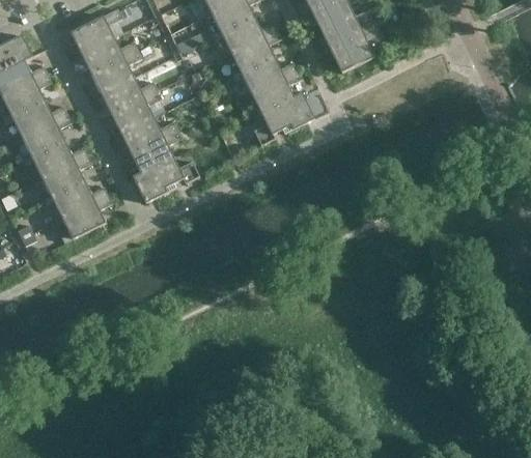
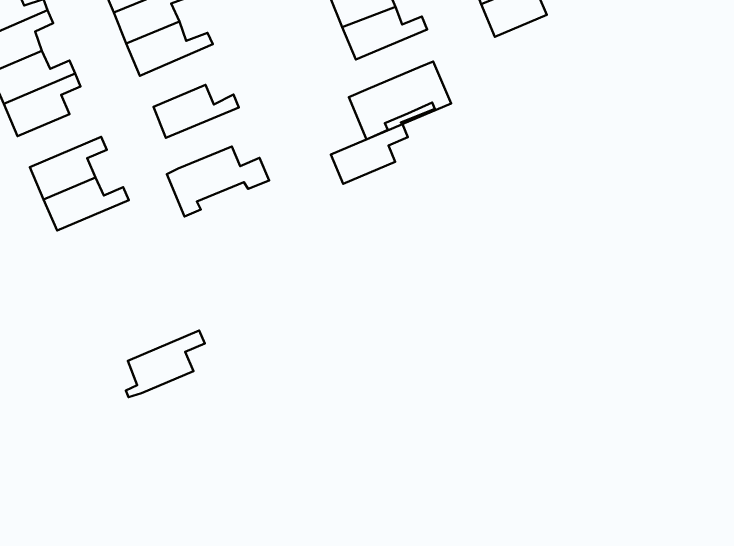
building: [250,70,300,112] -> [331,124,408,184]
building: [109,89,160,133] -> none
building: [129,130,179,172] -> none
building: [31,141,86,177] -> none
building: [61,195,111,241] -> [126,330,205,397]

